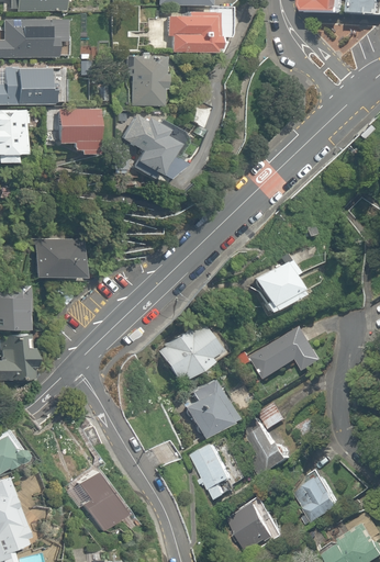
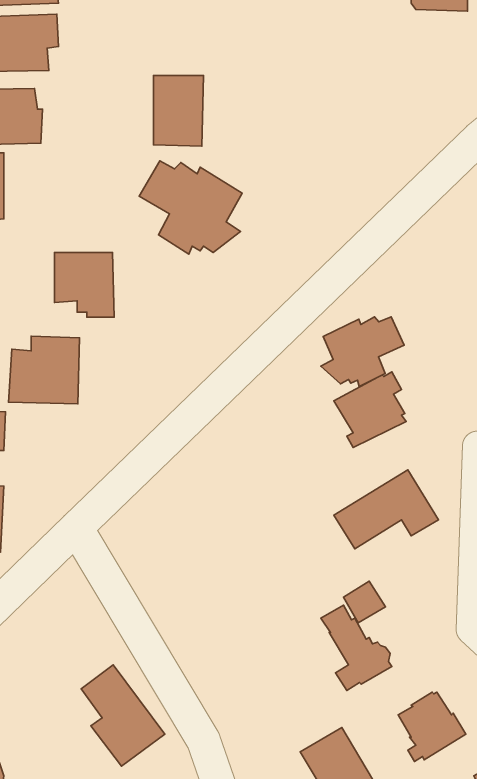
building: [165,11,217,52] -> none
building: [56,110,97,154] -> [55,253,114,317]
building: none -> [321,317,404,386]
building: [156,321,219,378] -> none
building: [182,379,234,439] -> none
building: [191,443,233,501] -> none

